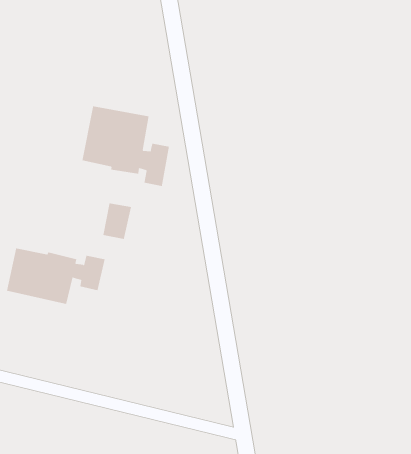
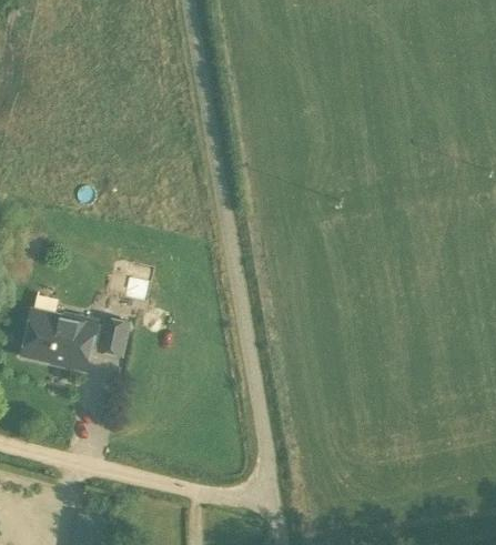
building: [82,105,170,187] -> none

